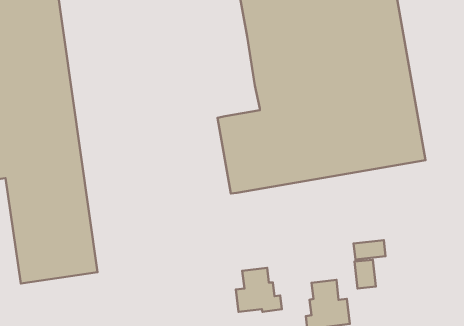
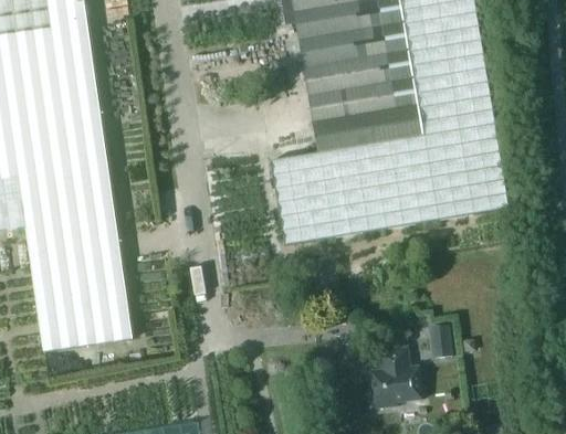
building: [354,240,386,259] -> none
building: [236,268,282,312] -> none

